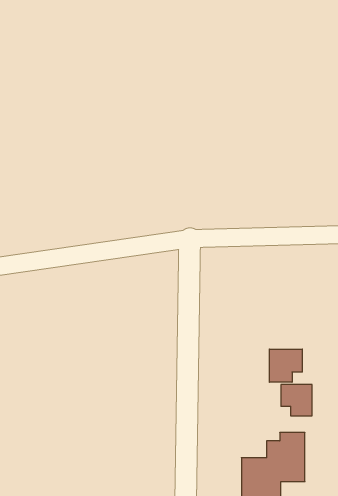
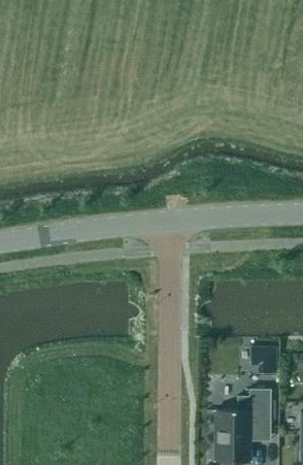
building: [269,349,302,382] -> none

